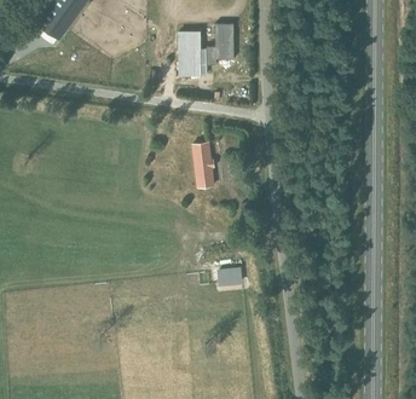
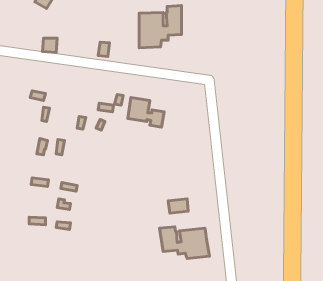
building: none -> [160,227,209,258]

